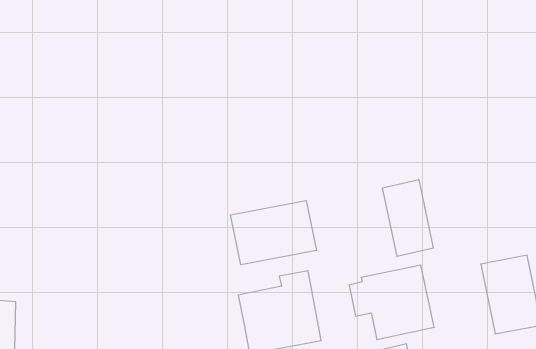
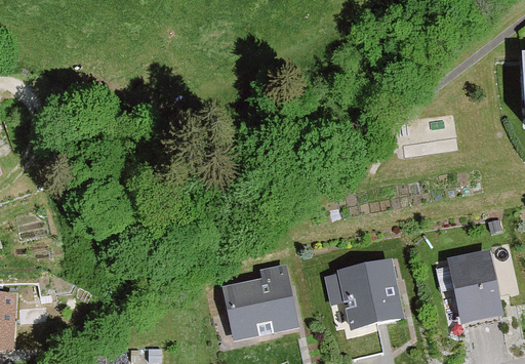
building: [383,179,433,257] -> none
building: [231,201,317,265] -> none

